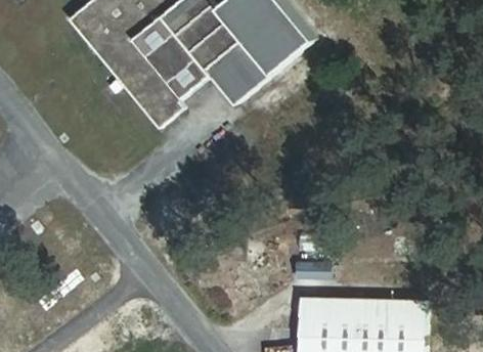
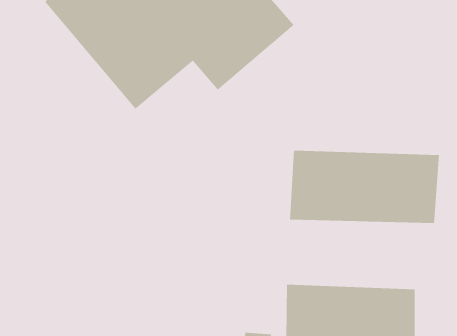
building: none -> [289,150,440,224]

